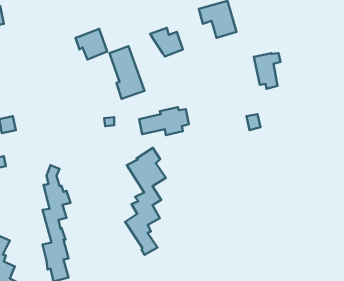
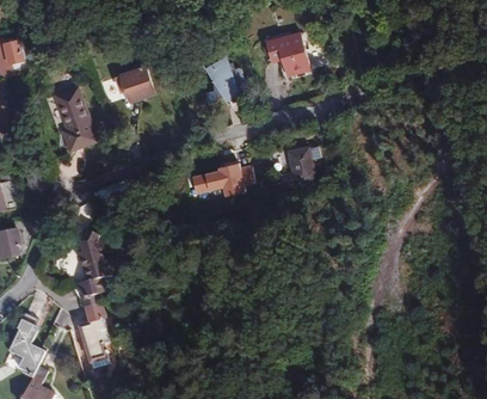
building: [110,46,144,99] -> [54,87,95,151]
building: [254,53,281,89] -> [285,147,318,190]
building: [125,148,166,255] -> none

